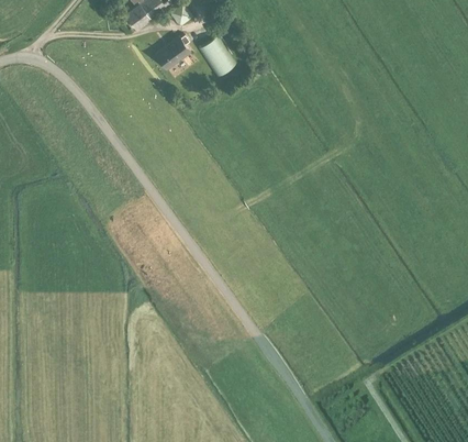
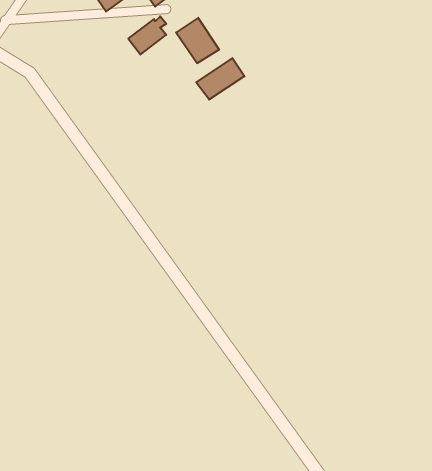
building: none -> [196,58,245,100]

